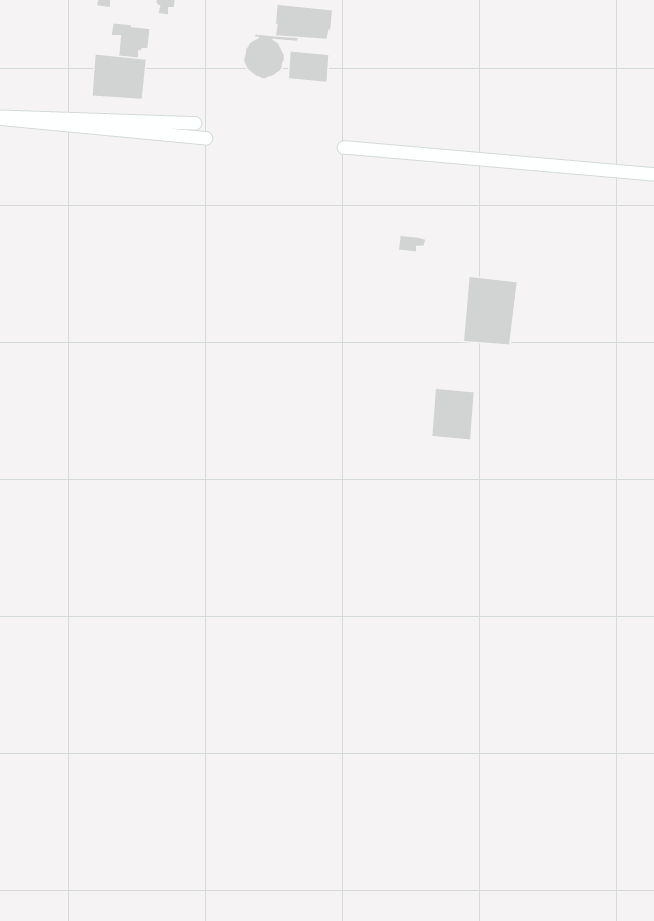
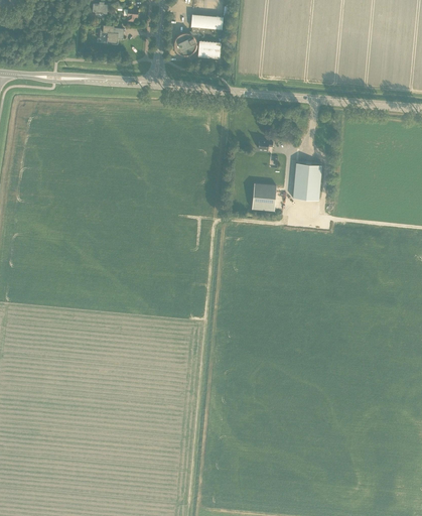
building: [92,54,147,100] -> none
building: [432,388,474,440] -> [252,182,275,211]

